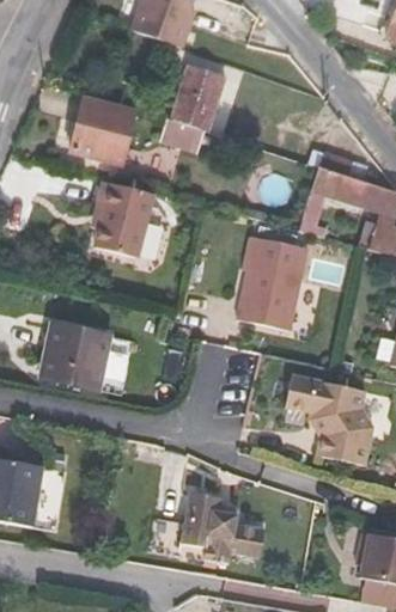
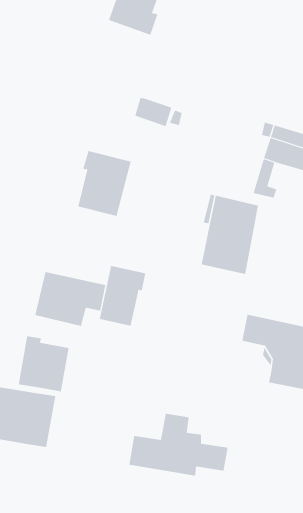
building: [172,63,224,130] -> none
building: [69,97,134,164] -> none
building: none -> [99,265,146,326]
building: none -> [18,336,69,392]

